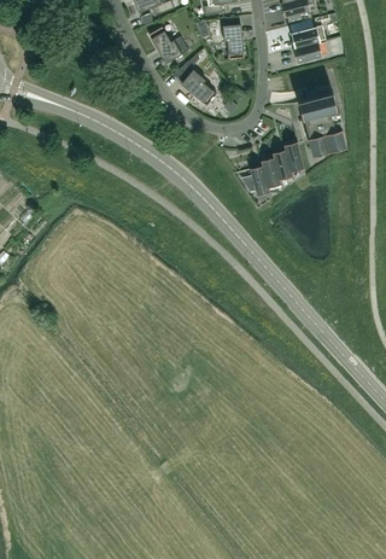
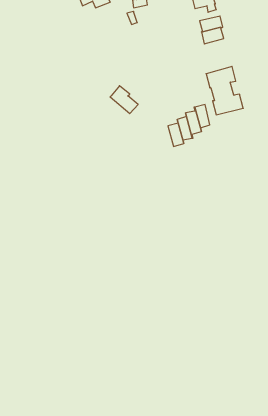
building: [223,24,245,59] -> none
building: [148,27,189,64] -> none
building: [181,69,217,105] -> [110,86,138,114]

